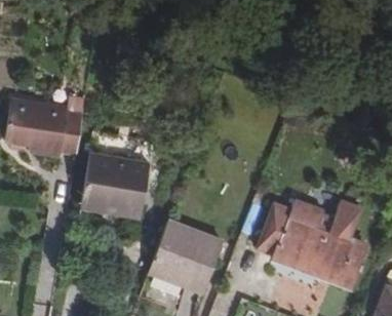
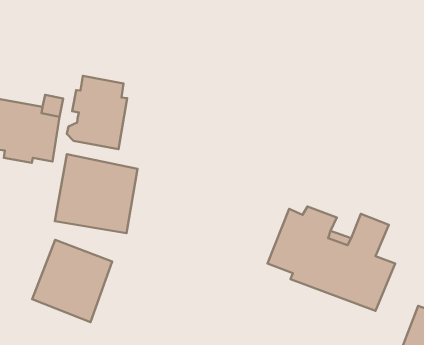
building: none -> [67,76,127,149]
building: [153,223,221,292] -> [32,240,112,322]

